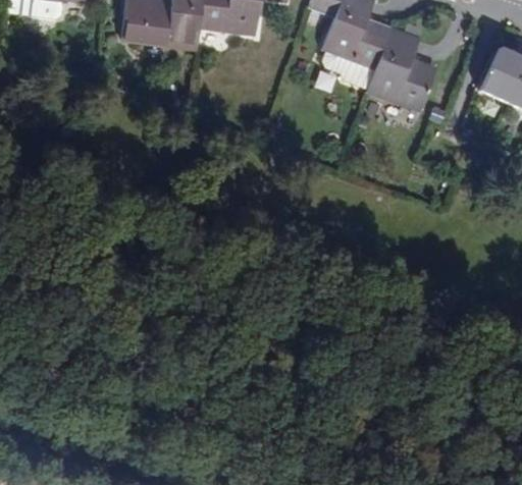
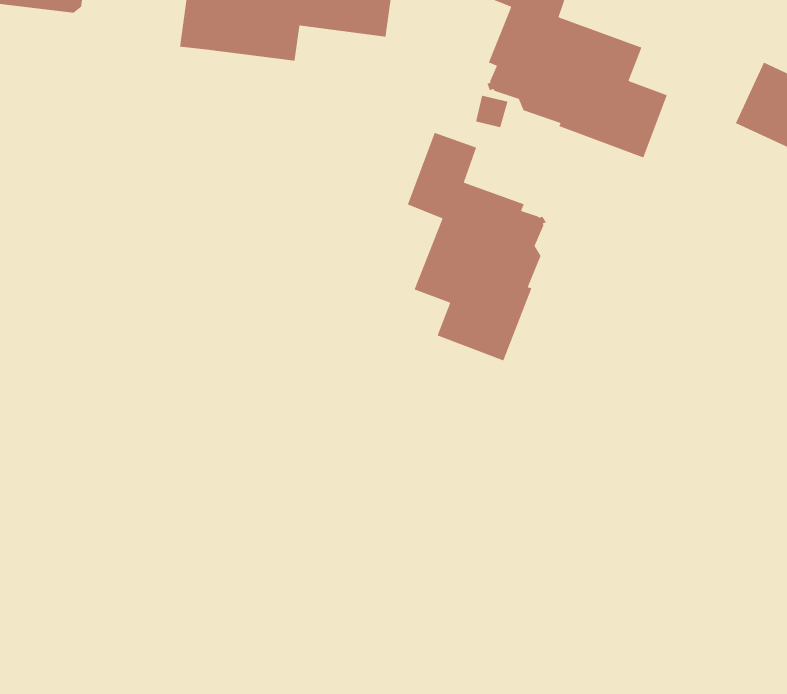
building: none -> [407,132,547,361]

